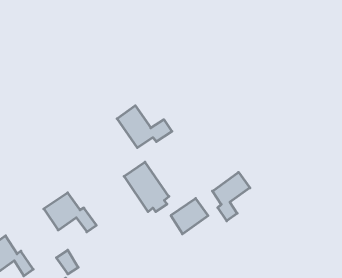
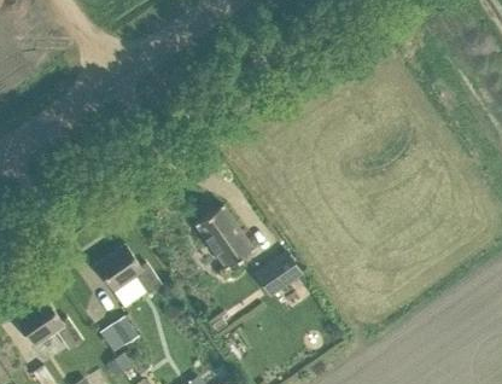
building: [117,106,172,148] -> none
building: [212,172,250,221] -> none

